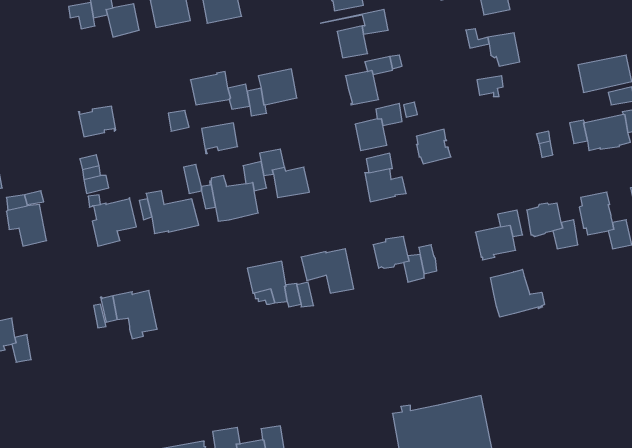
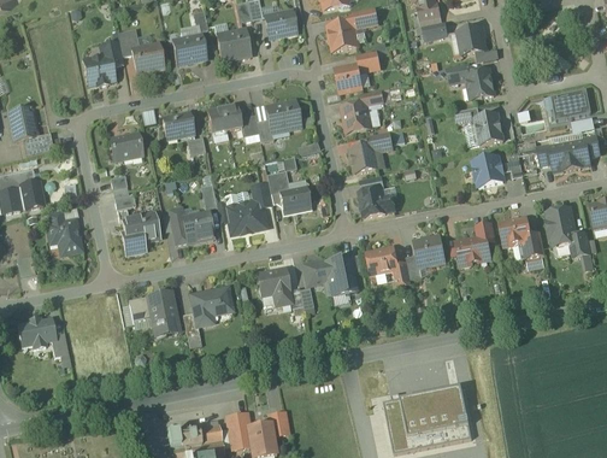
building: none -> [83,54,114,84]
building: none -> [475,112,503,143]
building: [202,123,238,153] -> [163,112,194,139]
building: [416,129,451,164] -> [473,155,503,186]
building: none -> [414,236,444,265]
building: [491,269,544,317] -> none
building: none -> [191,287,232,325]

